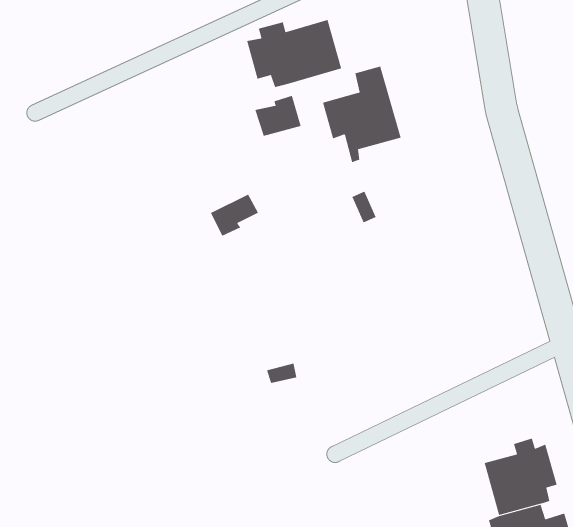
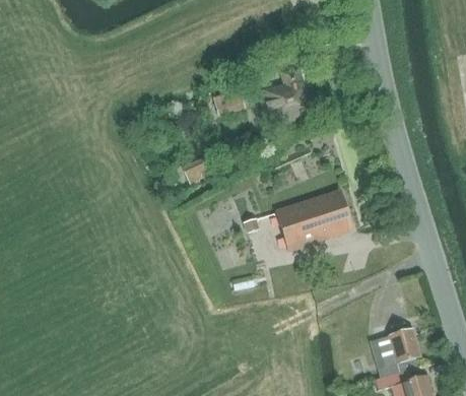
building: [246,19,342,88] -> none
building: none -> [274,191,351,248]

